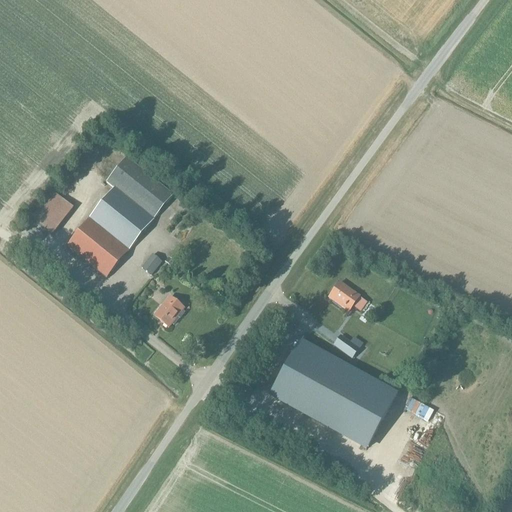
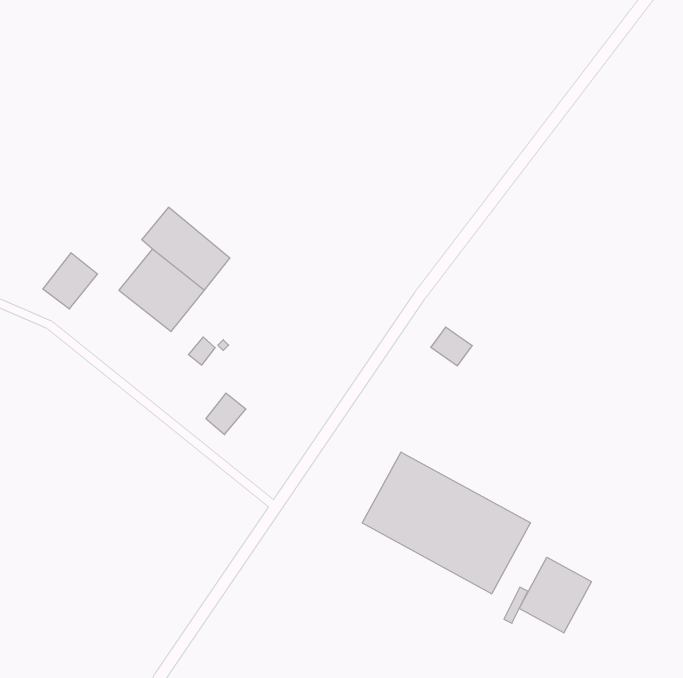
building: [67,217,128,275] -> none
building: [328,280,359,309] -> [431,327,472,366]
building: none -> [519,557,591,633]

